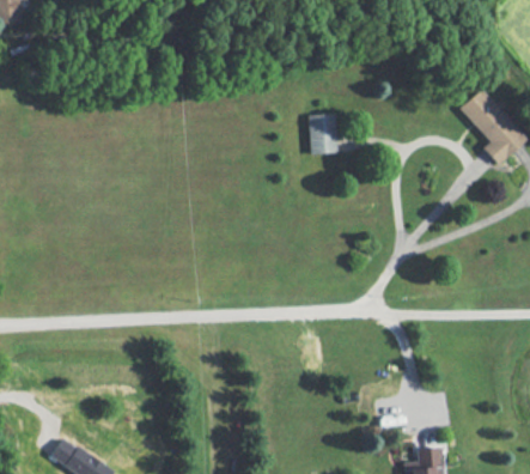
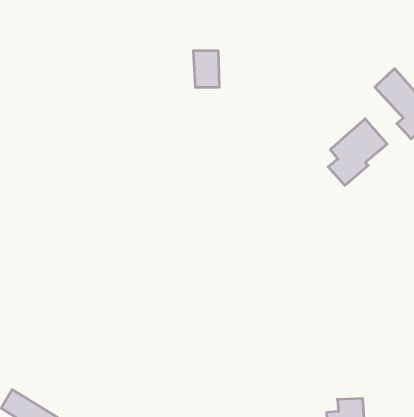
building: [310,115,339,154] -> [193,51,219,87]
building: none -> [328,119,387,185]

